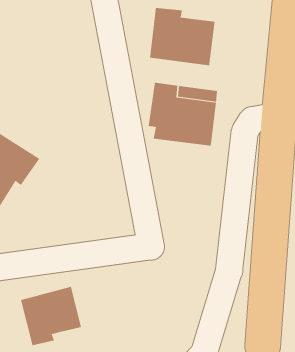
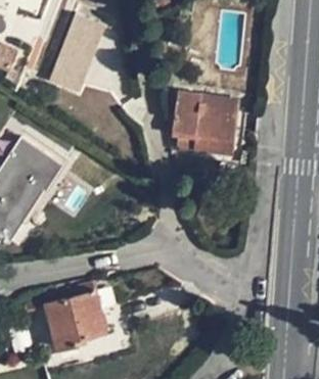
building: none -> [45,15,100,93]
building: [150,7,215,66] -> none

